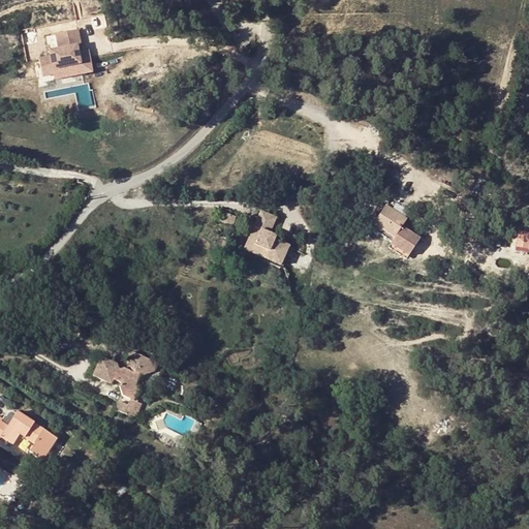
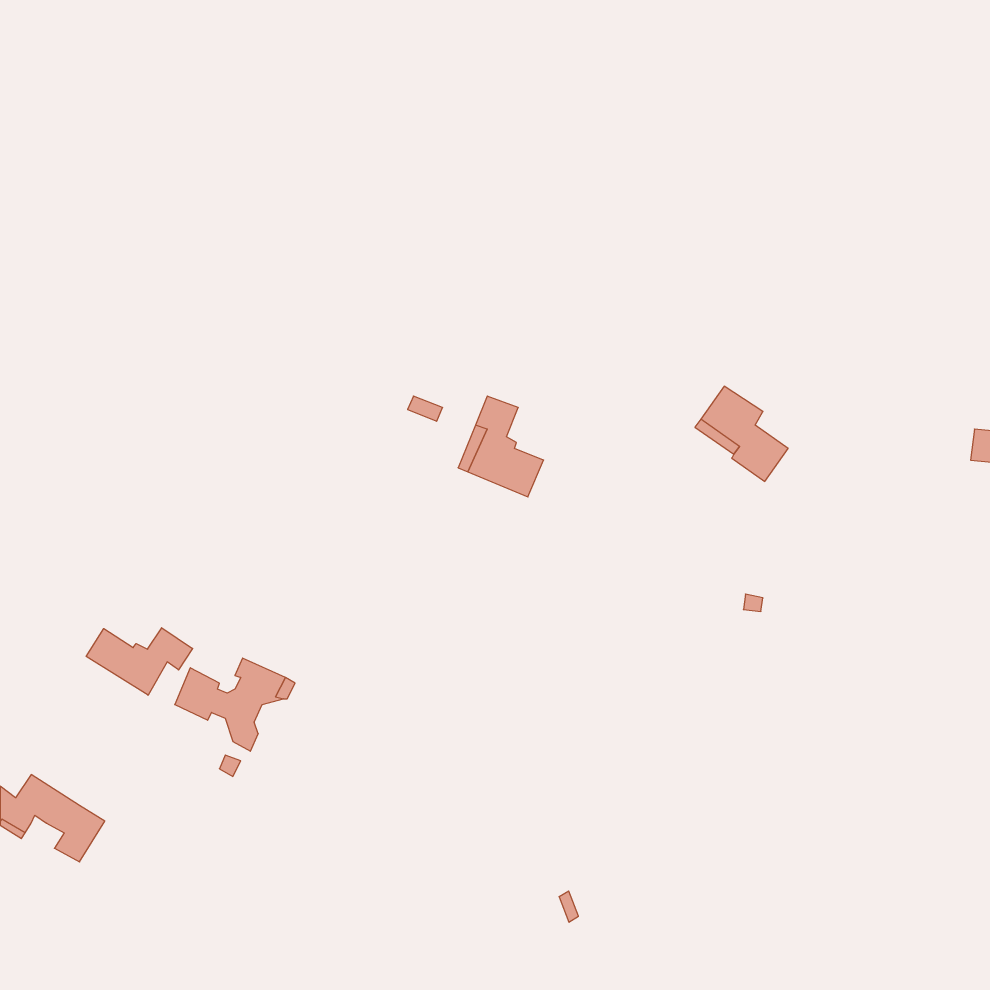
building: [40,29,82,75] -> none
building: none -> [86,628,193,695]

